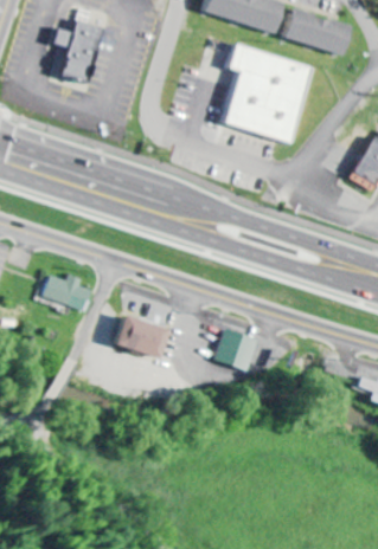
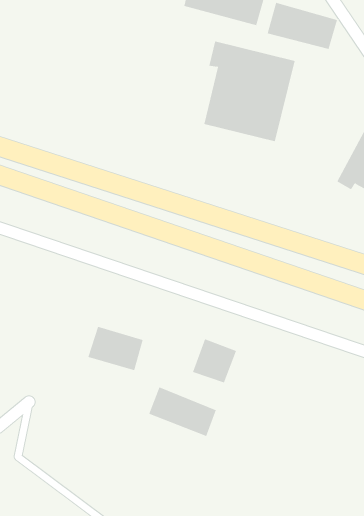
building: [51,20,98,80] -> none
building: [41,273,91,311] -> none
building: none -> [148,387,217,437]

